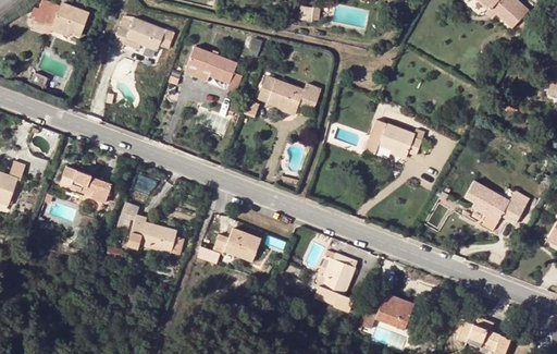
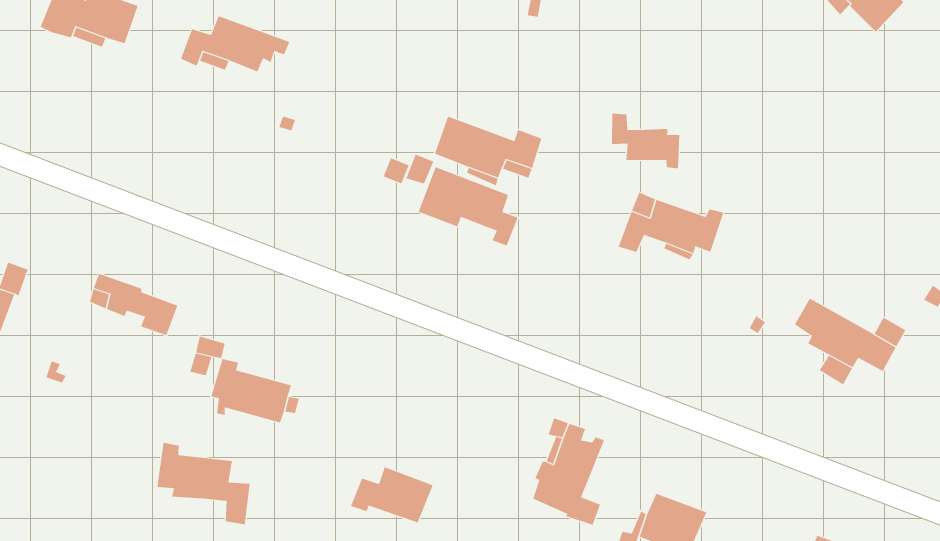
building: [184,47,242,93] -> [418,166,518,246]
building: none -> [611,113,680,169]
building: [212,228,260,260] -> [350,466,433,523]
building: none -> [157,442,250,525]

